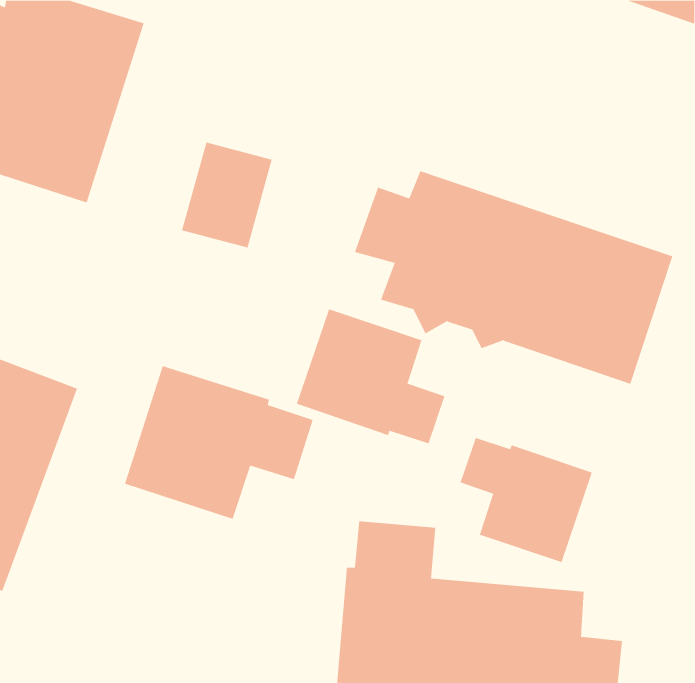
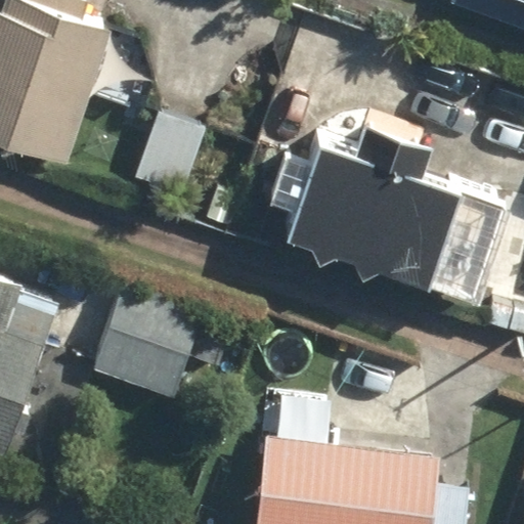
building: [296,308,445,444] -> none
building: [460,437,592,563] -> none

